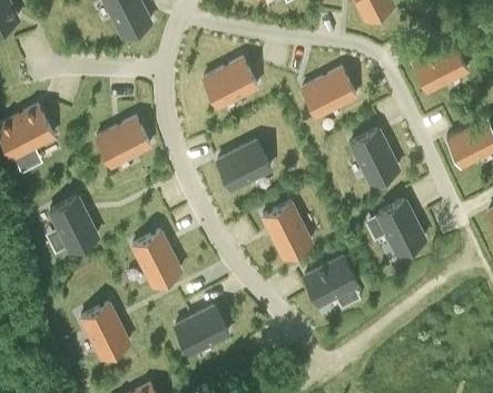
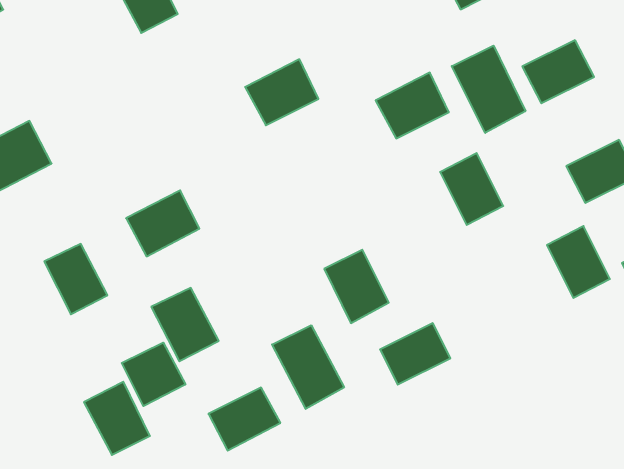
building: none -> [452,46,525,133]
building: [95,118,150,168] -> [126,190,199,256]
building: [216,143,270,190] -> none
building: [376,202,424,256] -> [547,226,610,298]
building: none -> [272,325,344,409]
building: none -> [122,343,185,406]

